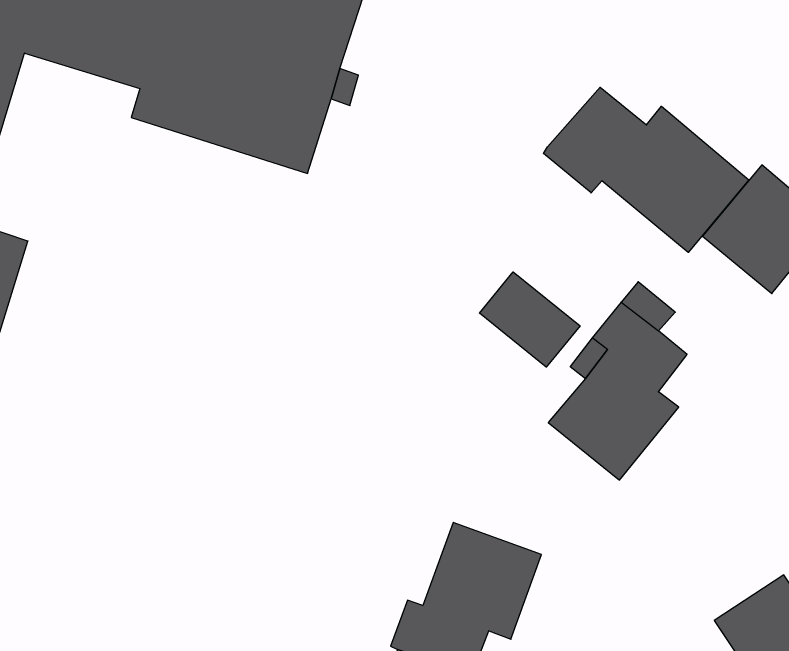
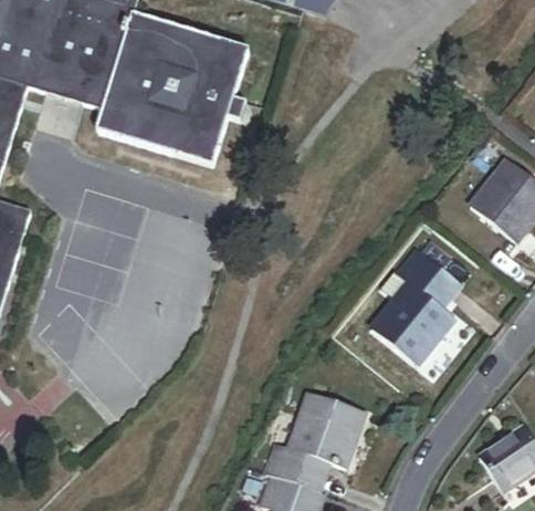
building: [543,87,749,252] -> none
building: [479,272,580,367] -> none

